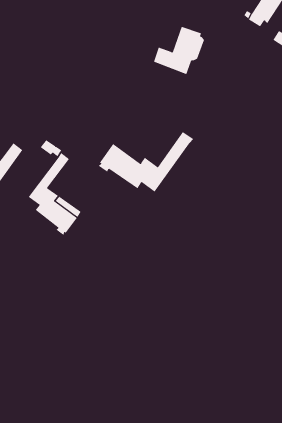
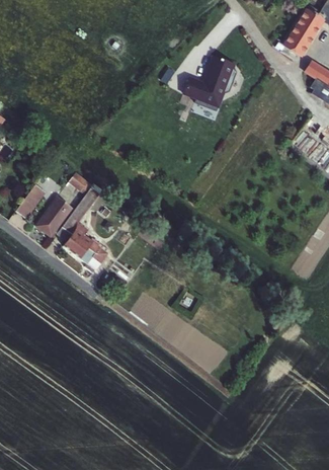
building: [98,131,194,193] -> none
building: none -> [36,194,67,234]

